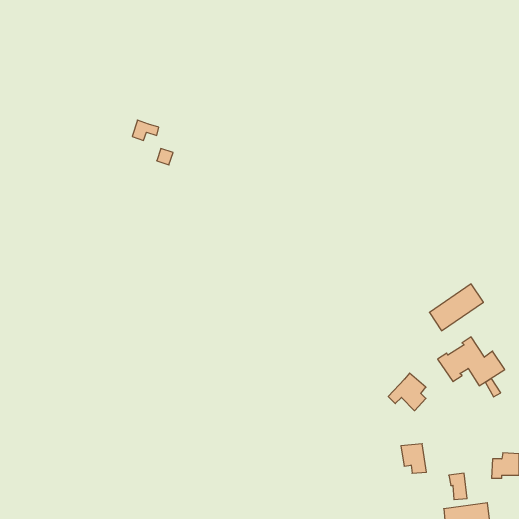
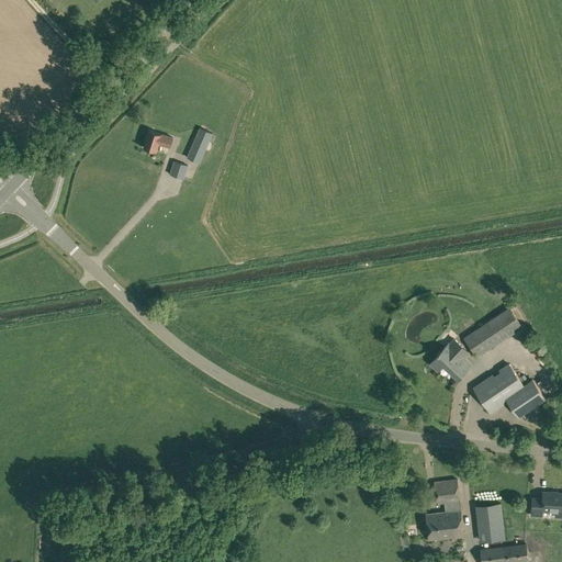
building: none -> [186,127,213,164]
building: [388,373,426,411] -> [429,338,470,379]
building: none -> [425,510,463,540]

